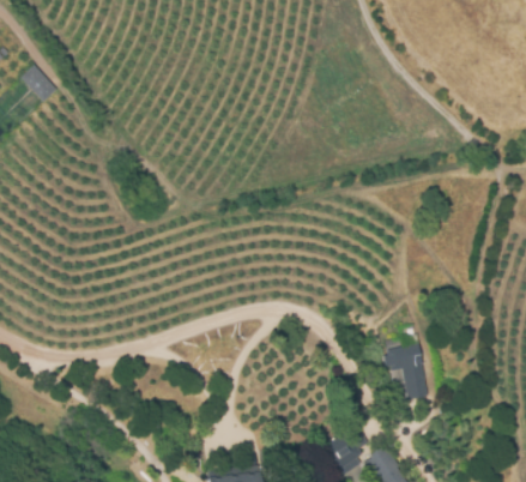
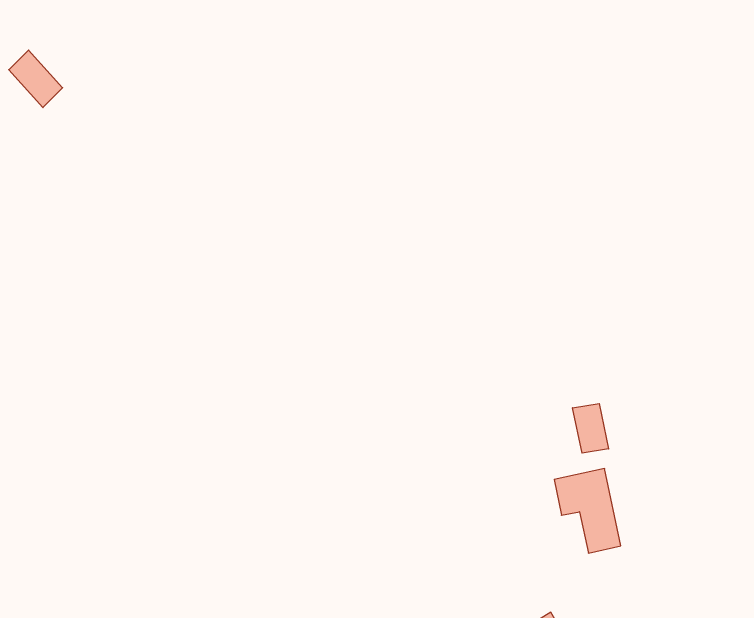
building: none -> [573,404,609,453]

